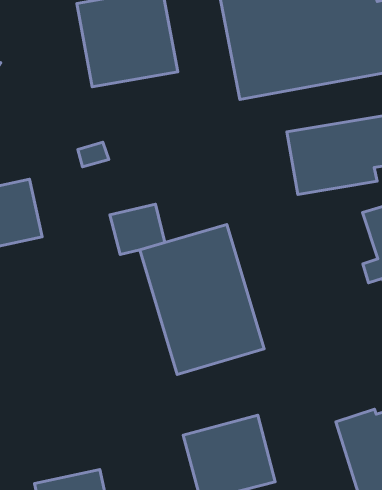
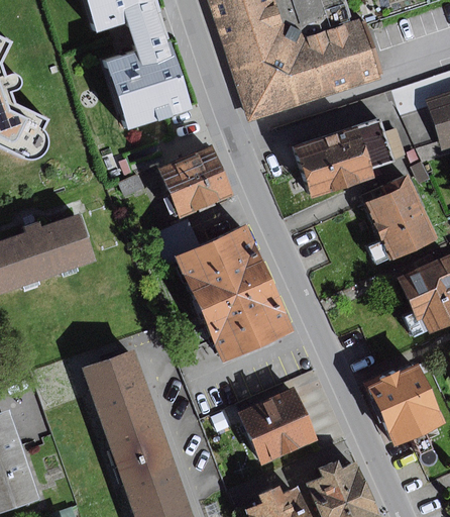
building: none -> [157,146,233,218]
building: none -> [82,350,171,470]

